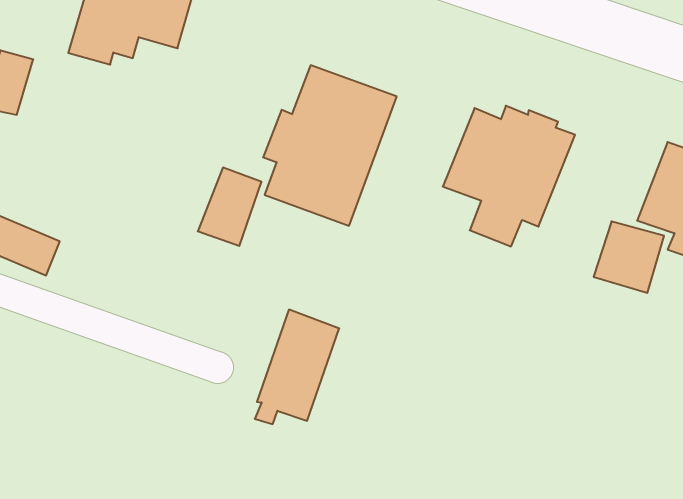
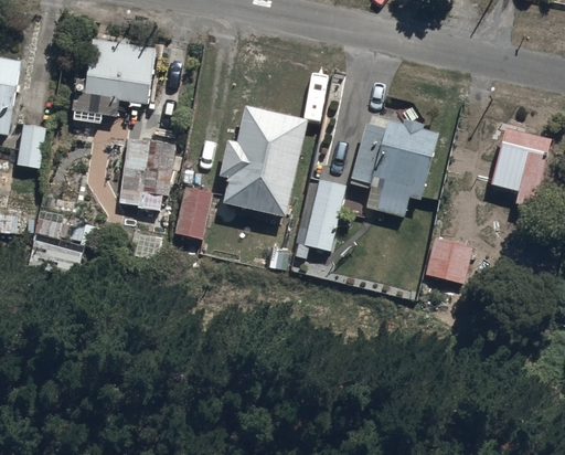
building: none -> [118,140,175,209]
building: [594,221,664,293] -> [425,236,471,284]
building: [255,310,339,424] -> [295,174,347,257]

